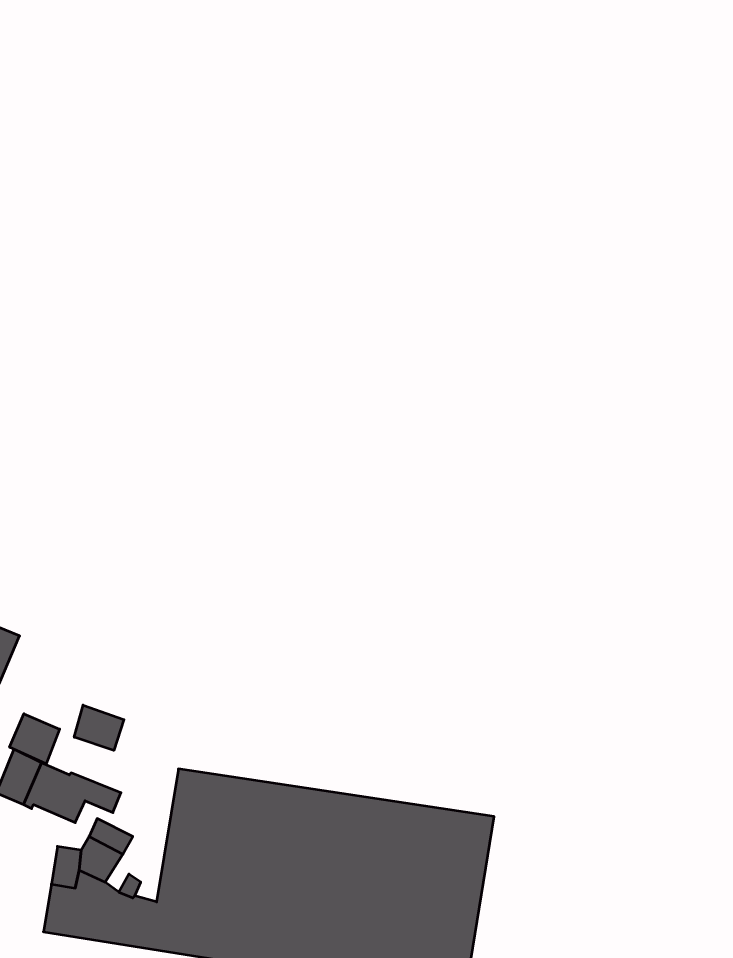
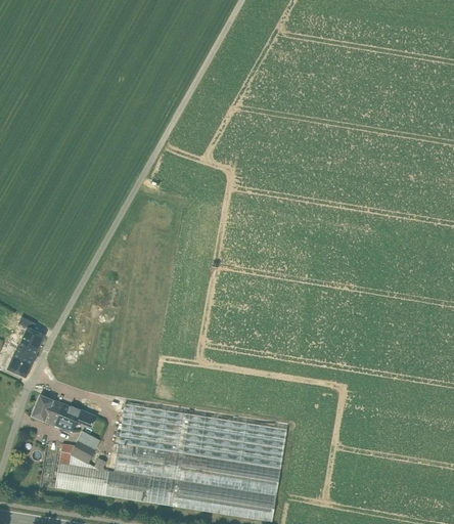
building: [74,705,124,750] -> none
building: [10,714,60,764] -> none

